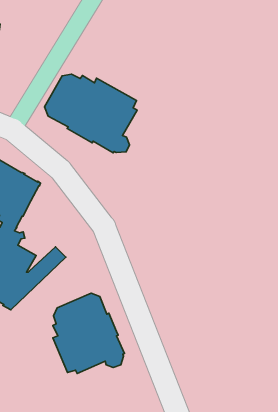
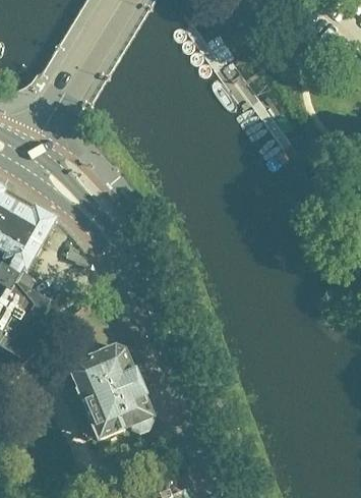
building: [44,74,137,153] -> none

